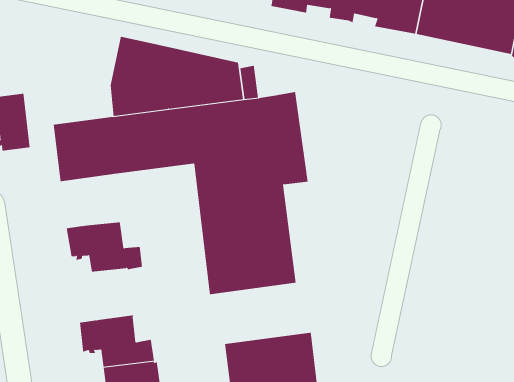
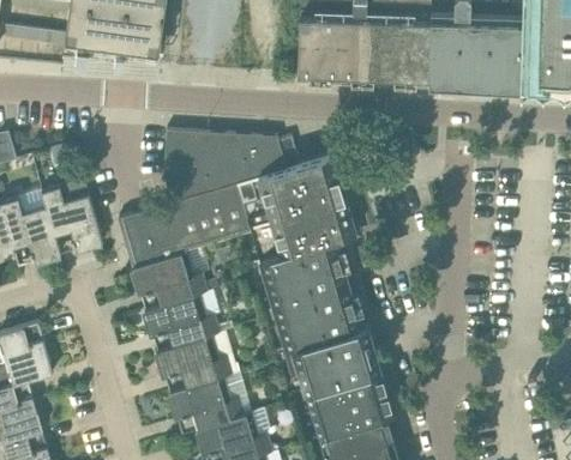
building: none -> [133,254,209,304]
building: none -> [157,337,232,387]
building: none -> [283,325,380,391]

